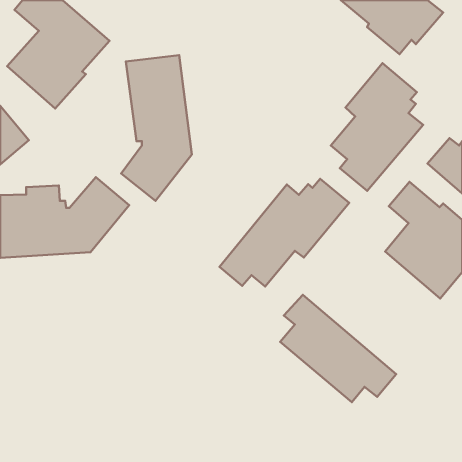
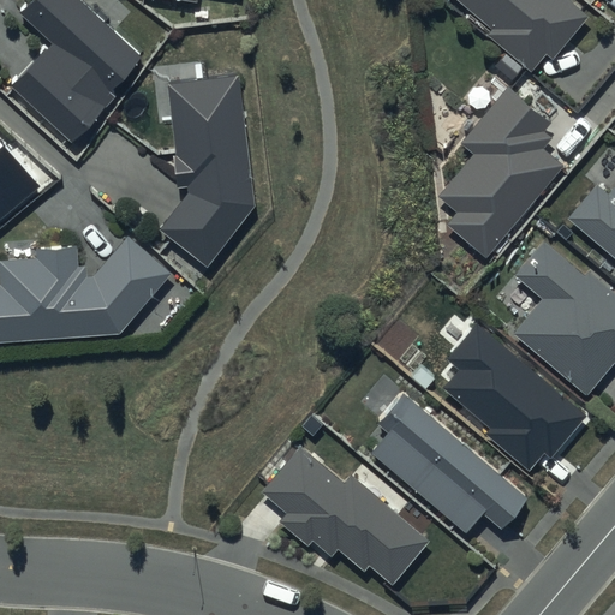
building: [219,179,349,287] -> none
building: none -> [446,324,587,471]
building: none -> [261,446,425,579]

